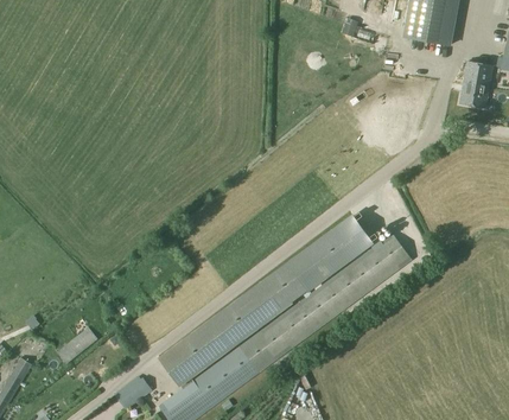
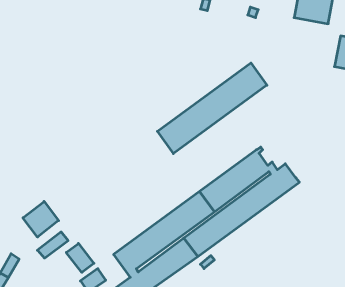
building: none -> [157,63,267,154]
building: none -> [23,201,59,237]
building: none -> [66,243,94,272]

